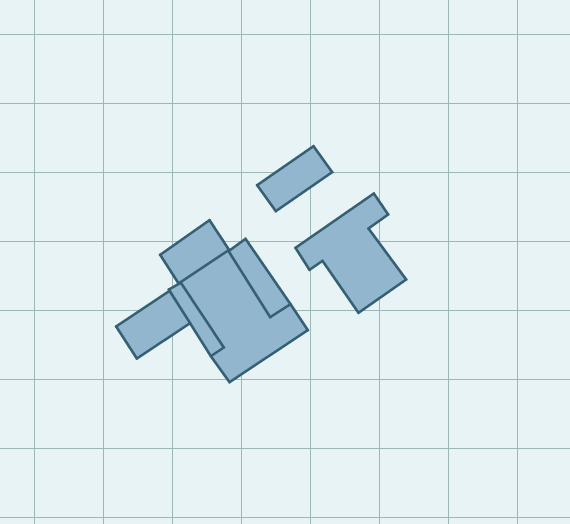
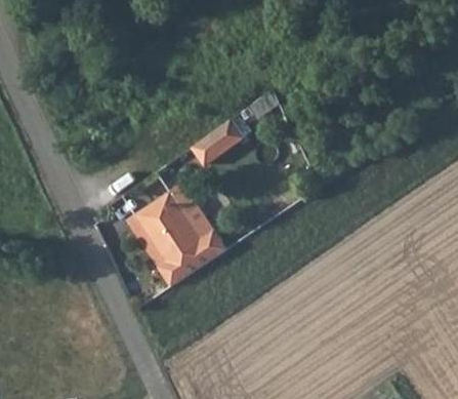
building: [296,194,406,313] -> none
building: [116,291,190,359] -> none

